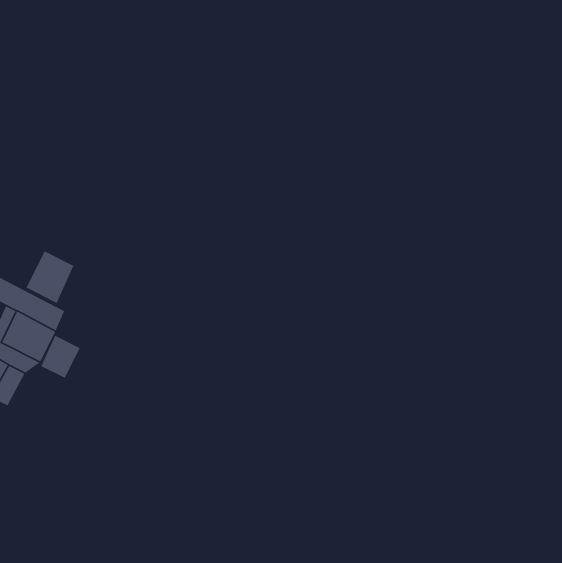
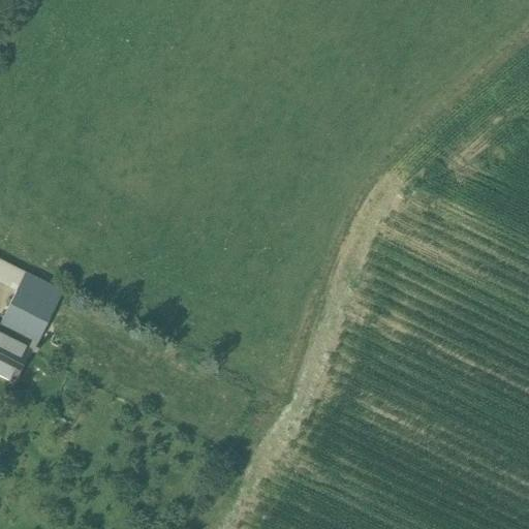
building: [25,250,75,304] -> none
building: [40,335,81,379] -> none

